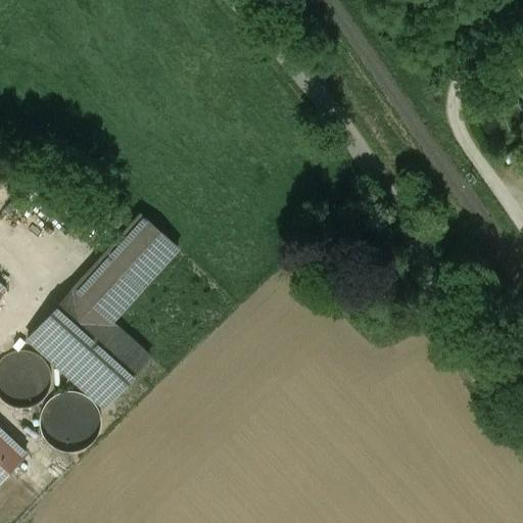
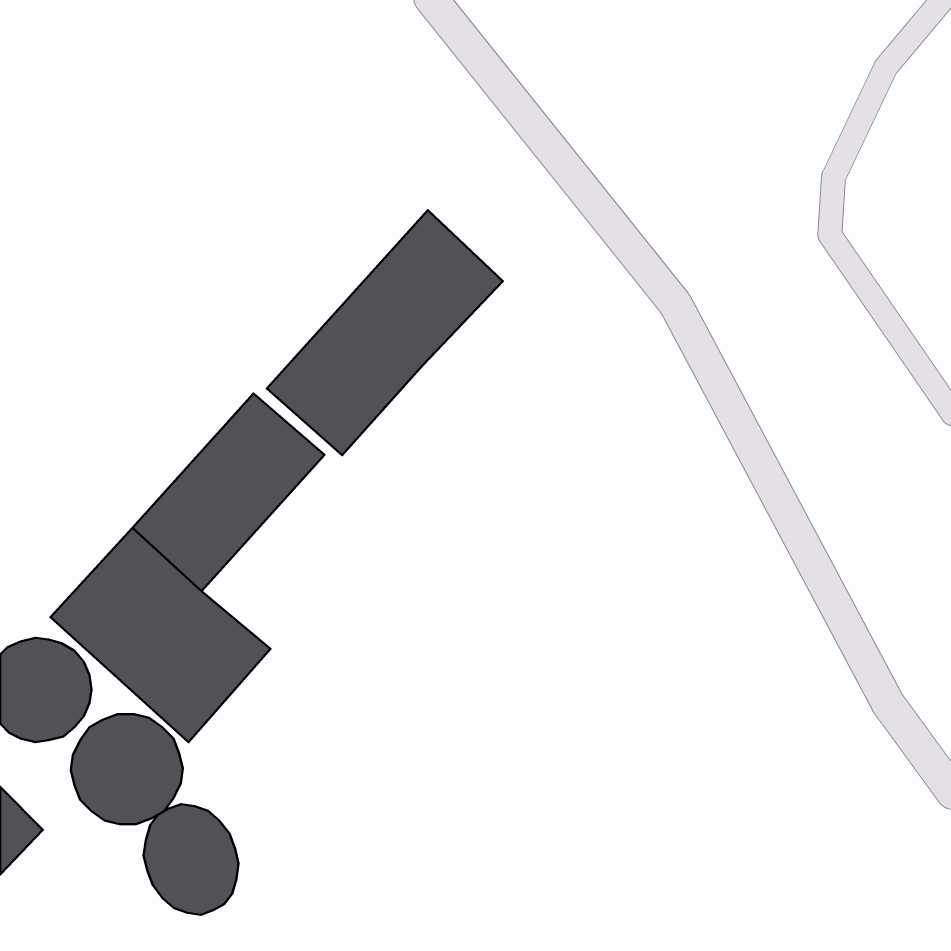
building: none -> [267,210,503,455]
building: none -> [144,804,239,915]

